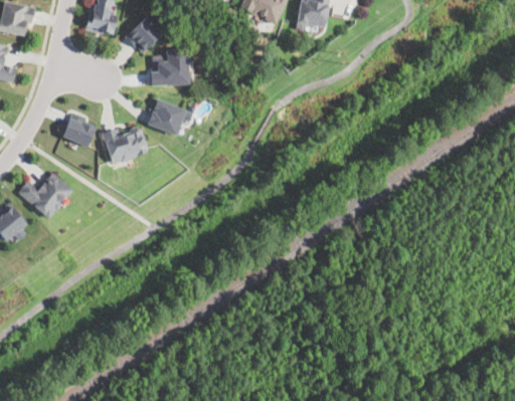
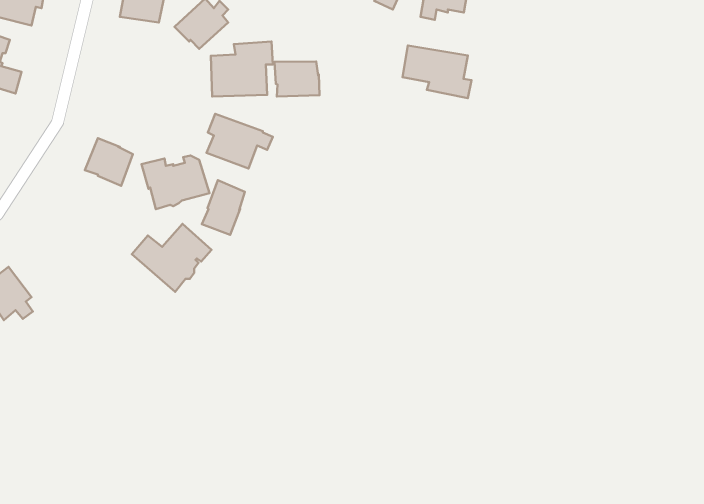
building: none -> [402,46,471,98]
building: none -> [274,61,319,97]
building: none -> [202,180,245,235]
building: [17,172,72,219] -> [132,224,211,292]

